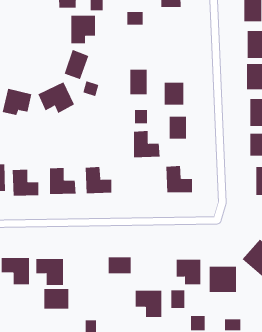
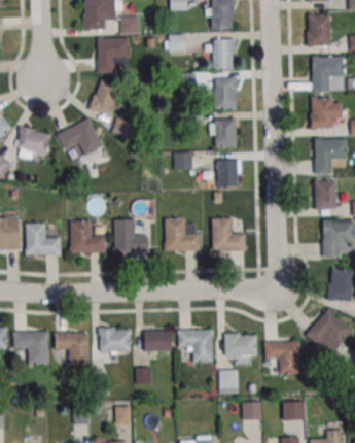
building: none -> [212,38,235,68]
building: [130,69,147,95] -> [214,77,236,108]
building: [133,131,160,158] -> [167,219,200,252]
building: [44,289,69,309] -> [99,328,130,352]
building: [135,290,162,317] -> [179,329,212,362]

